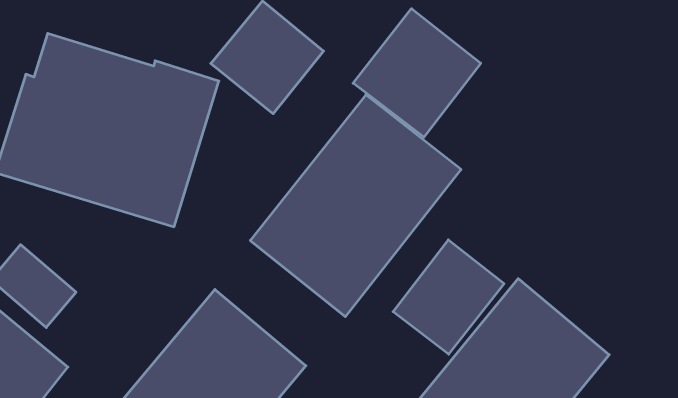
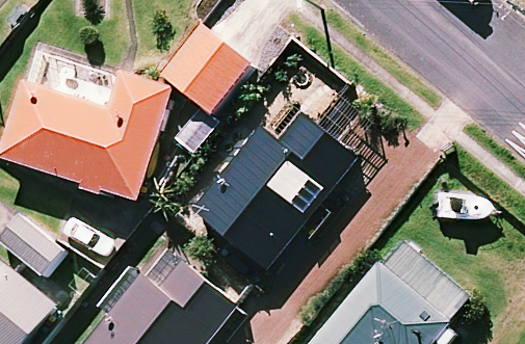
building: [353,9,481,137] -> none
building: [393,240,504,354] -> none

